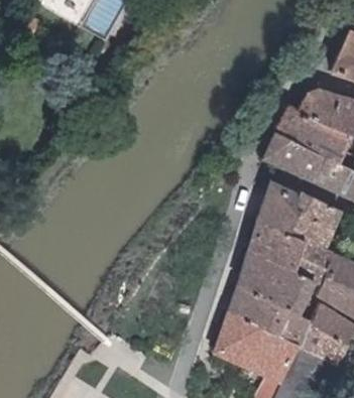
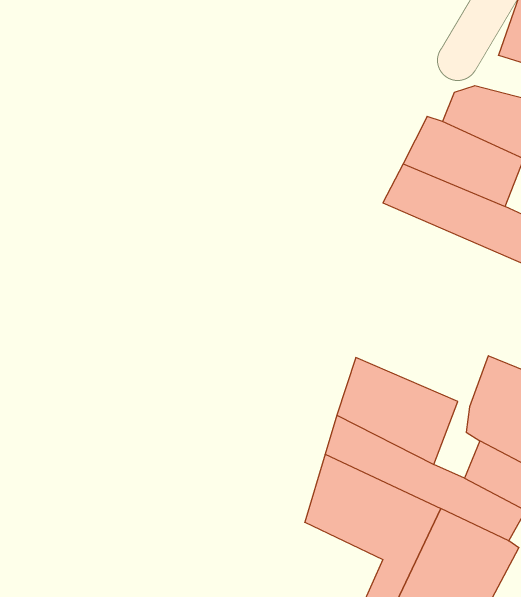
building: [248,181,342,279] -> none

